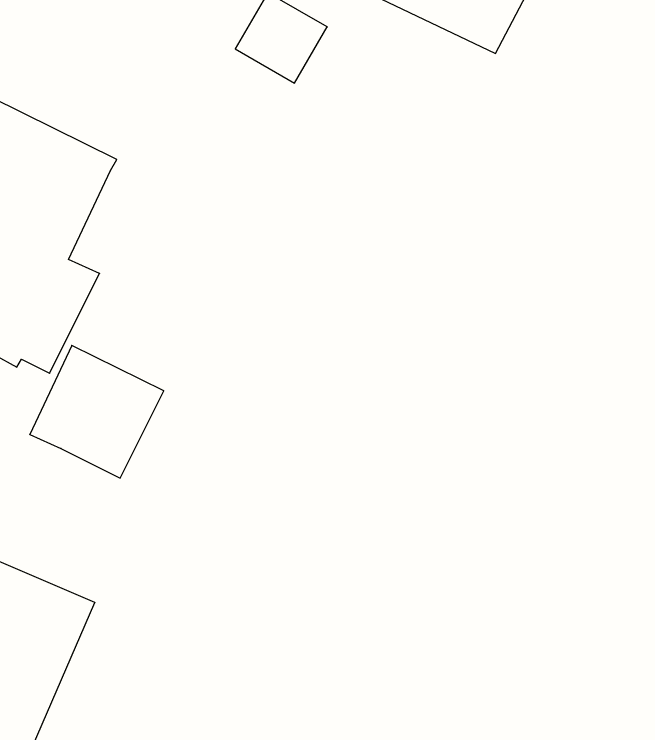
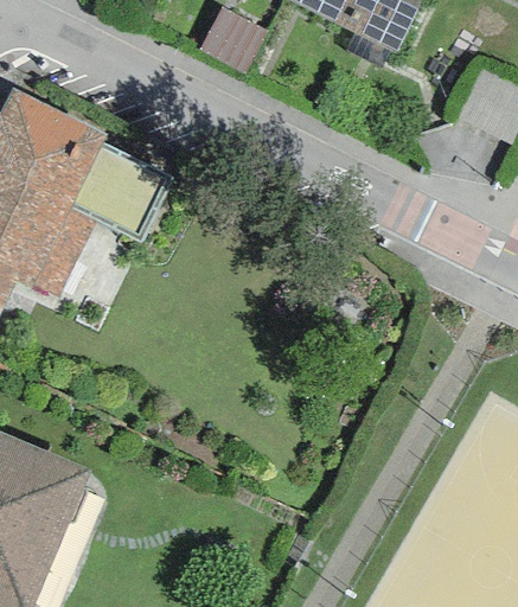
building: [30,345,164,478] -> [69,141,171,242]

